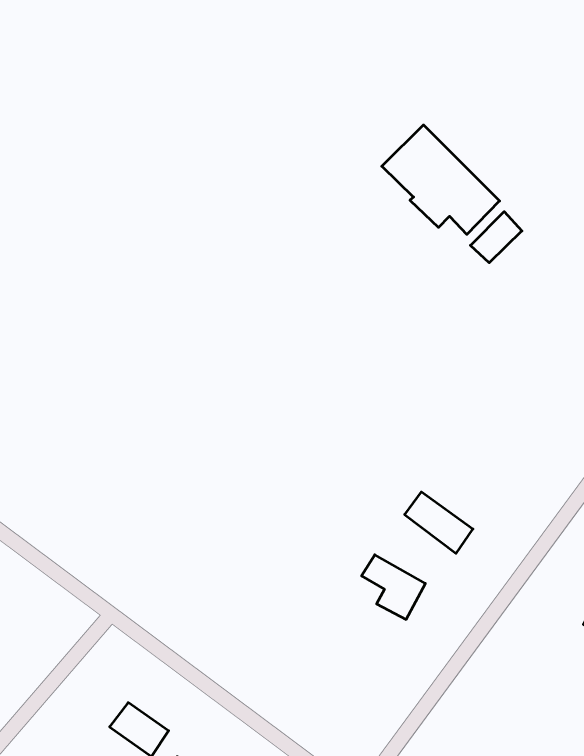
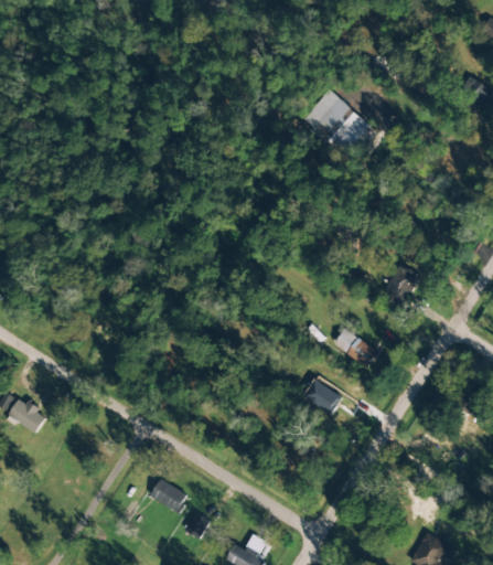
building: [470,212,522,263] -> none
building: none -> [381,264,418,305]

